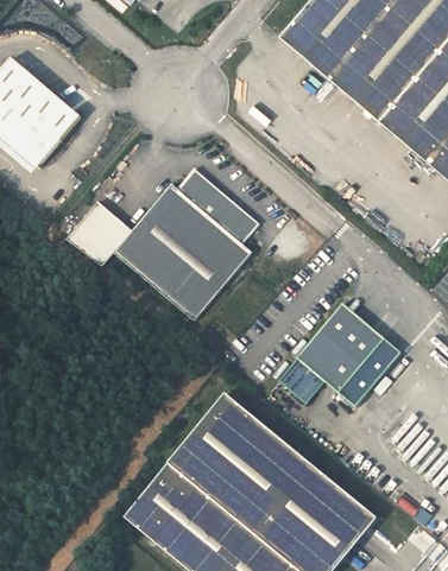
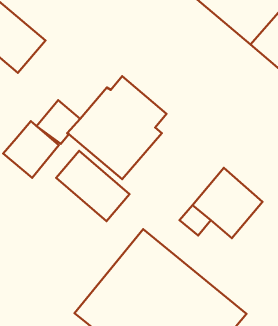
building: none -> [3,121,59,178]
building: none -> [56,151,129,221]

